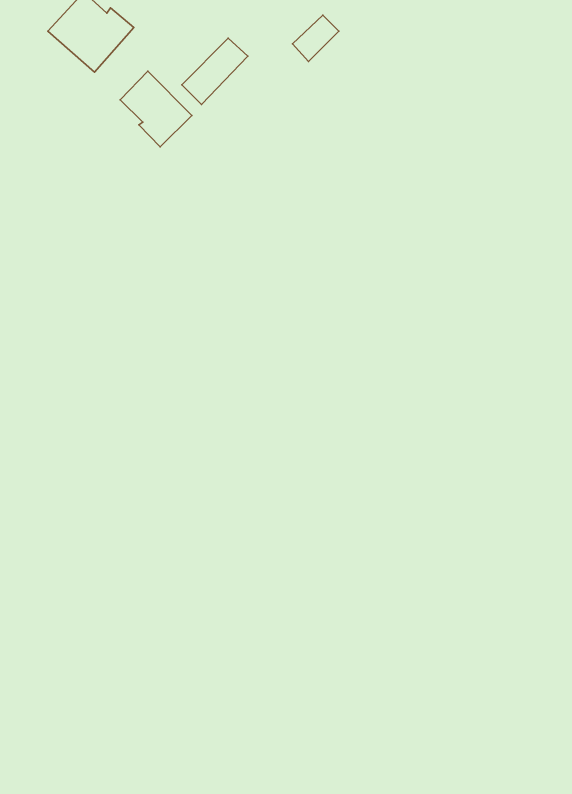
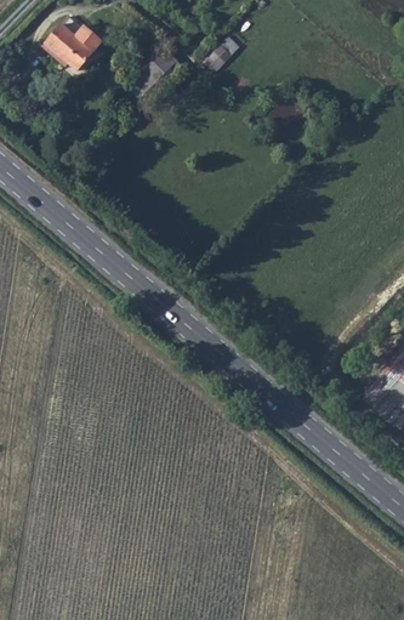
building: [120,71,192,147] -> none

